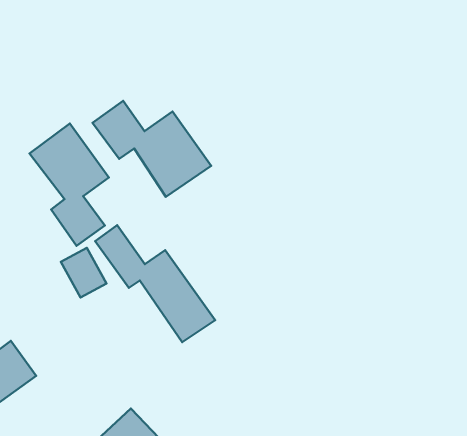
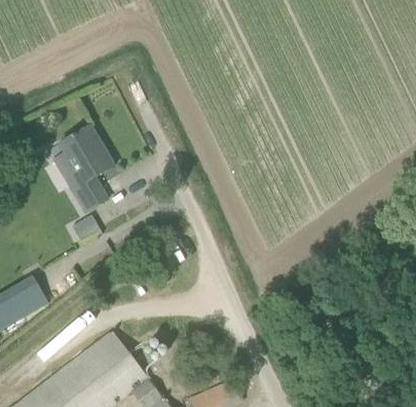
building: [93,101,211,197] -> none
building: [95,225,215,342] -> none

